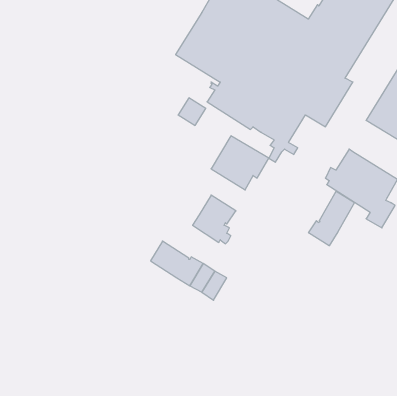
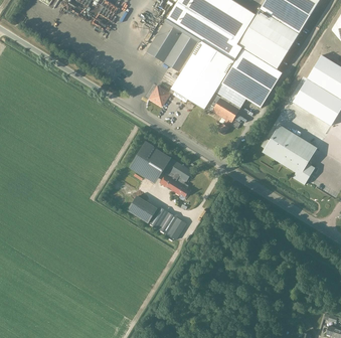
building: [211,136,269,190] -> [130,142,174,183]
building: [309,191,355,246] -> none

